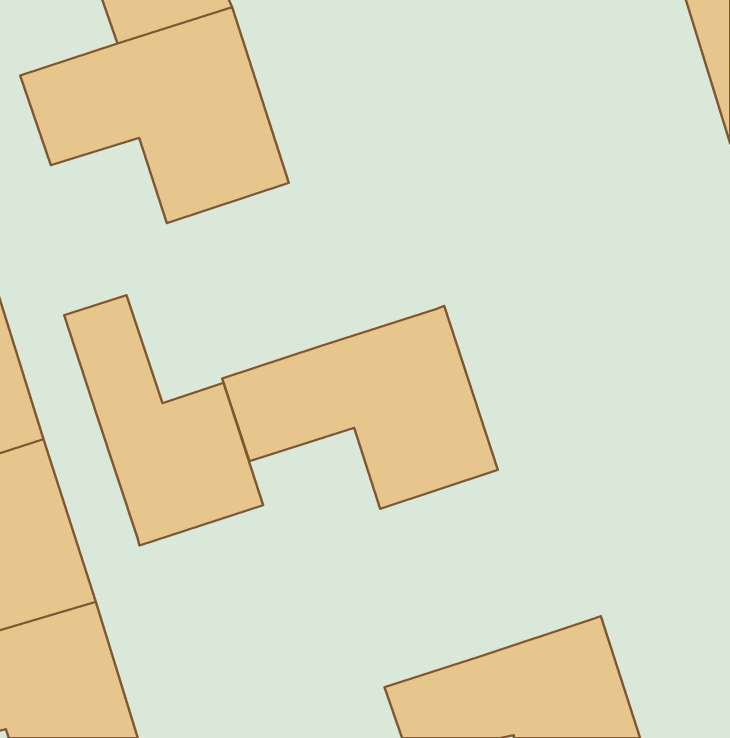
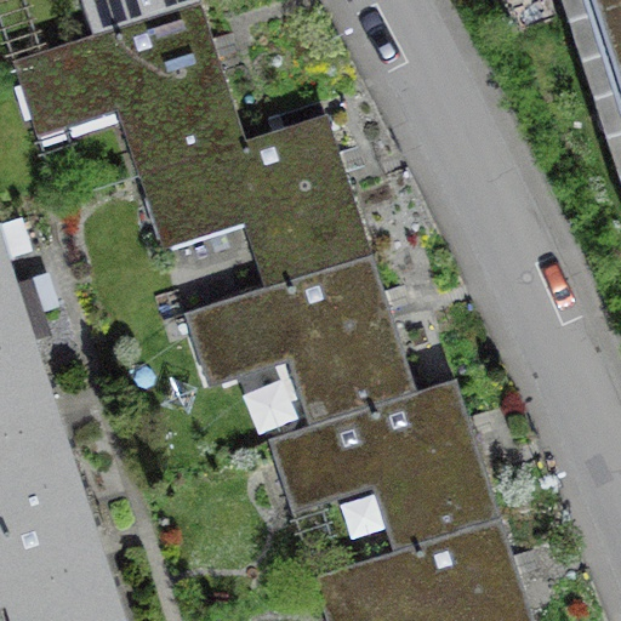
building: none -> [139,127,365,290]
building: [64,295,263,546] -> none
building: none -> [275,382,495,549]

